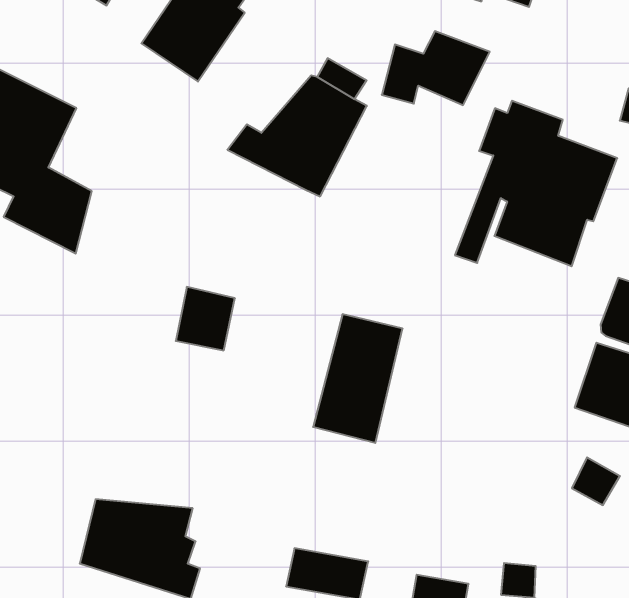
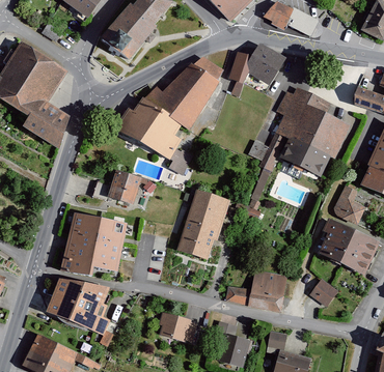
building: none -> [116,98,184,161]
building: none -> [59,212,128,275]
building: none -> [225,271,286,308]

